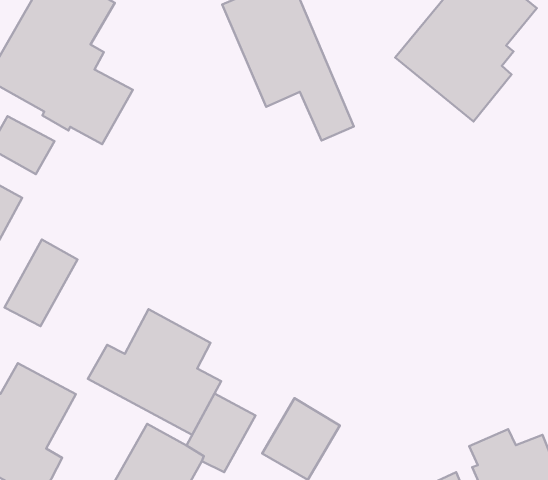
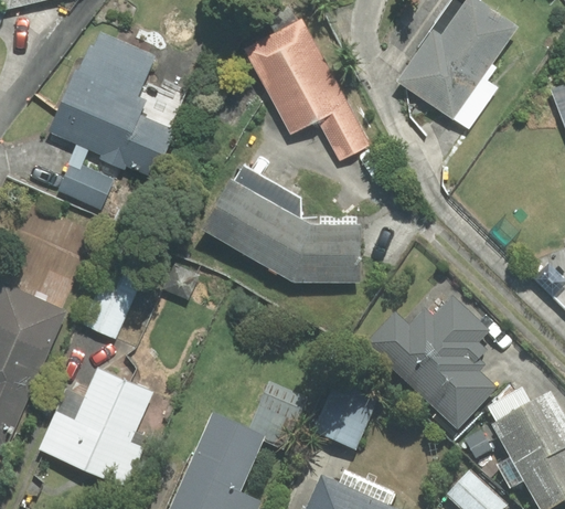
building: none -> [203,165,358,279]
building: [88,309,221,435] -> none
building: none -> [366,296,493,425]

